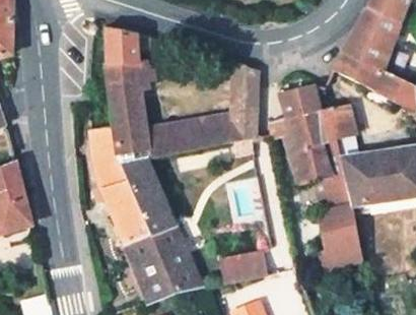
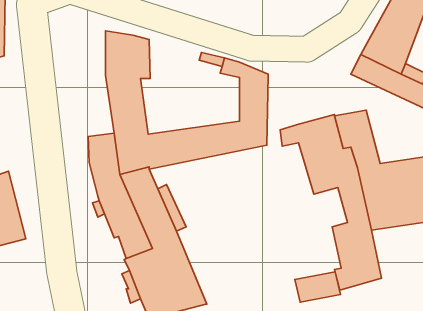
building: [278,85,319,117] -> none
building: [222,251,265,279] -> [295,272,341,302]

